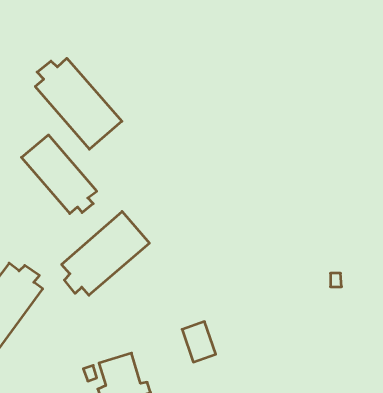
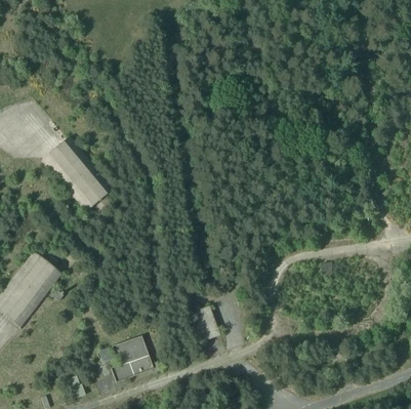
building: [35,58,122,149] -> none
building: [62,211,149,295] -> none

